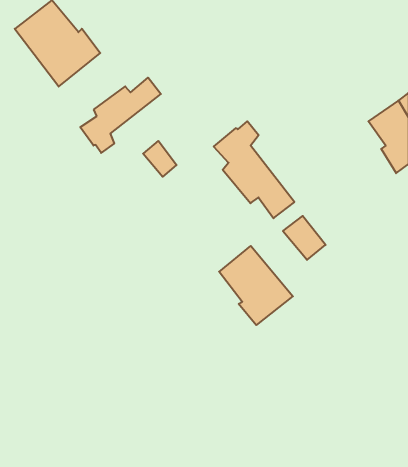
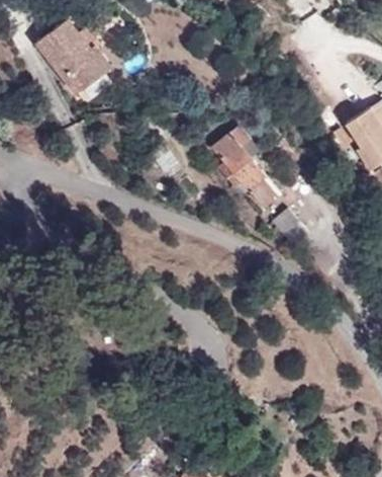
building: [80,78,161,153] -> none
building: [219,246,293,325] -> none

